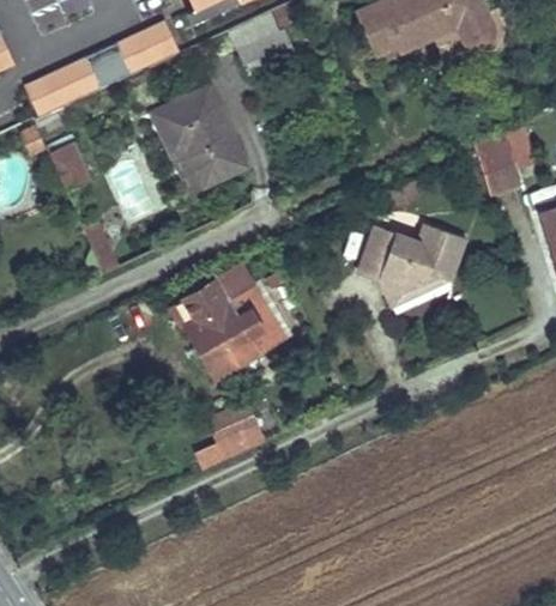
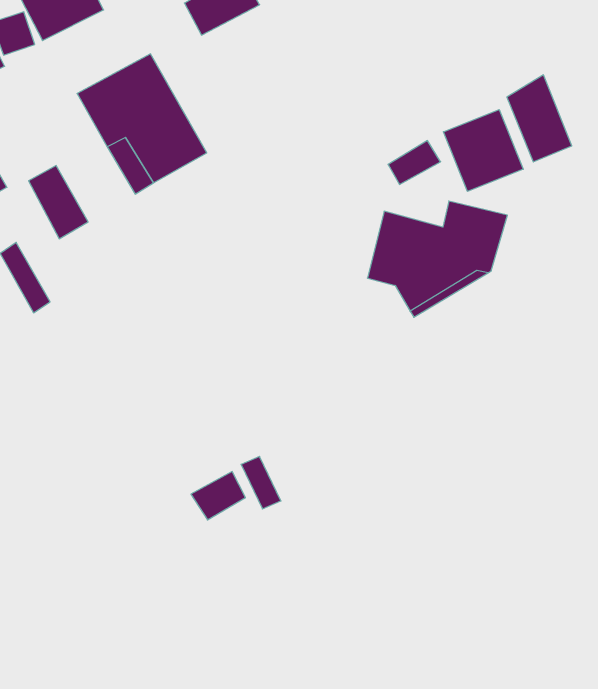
building: none -> [443,110,523,191]
building: [176,267,284,376] -> none

